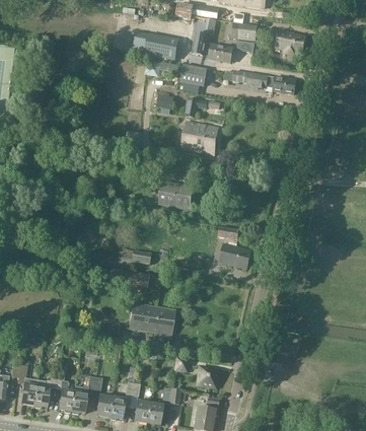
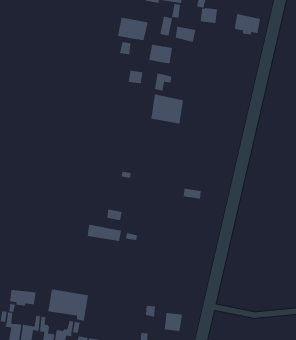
building: [233,71,296,93] -> none
building: [158,181,194,209] -> none
building: [219,242,251,269] -> none
building: [129,302,175,339] -> [48,289,89,321]
building: none -> [10,289,36,306]

